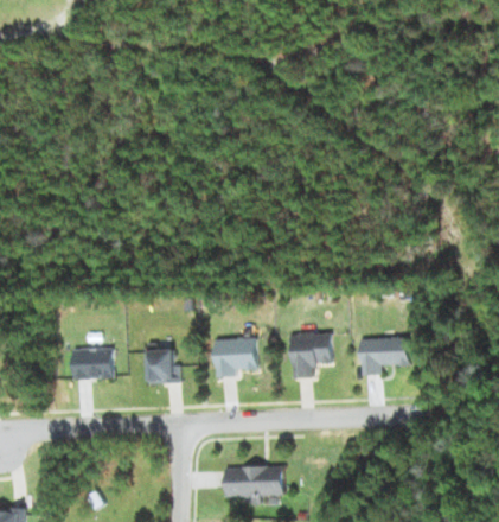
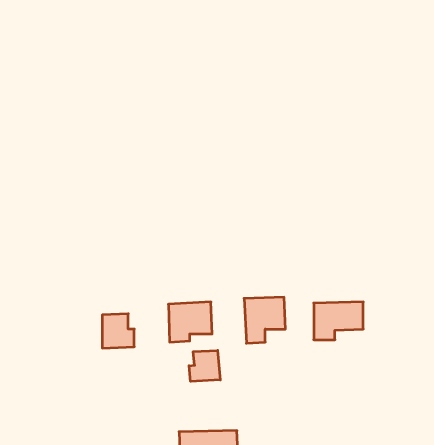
building: [71,348,113,378] -> none
building: none -> [189,350,220,381]

